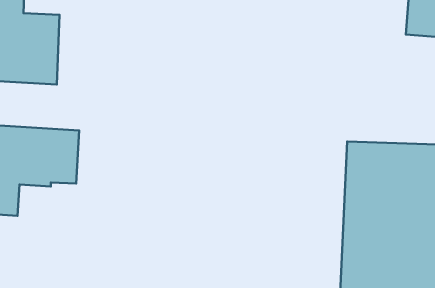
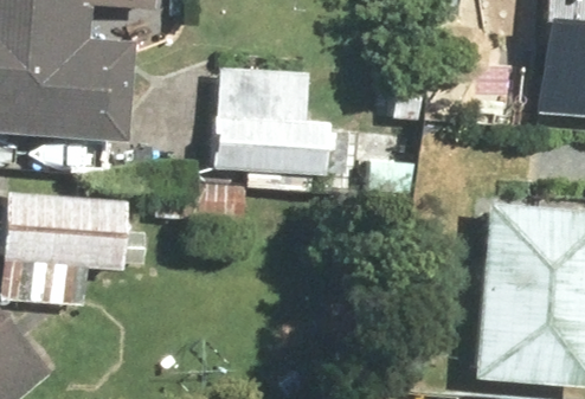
building: none -> [205,75,317,169]

